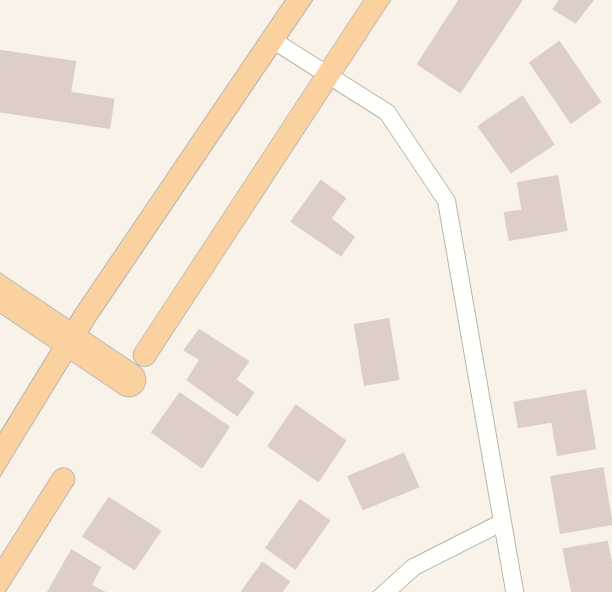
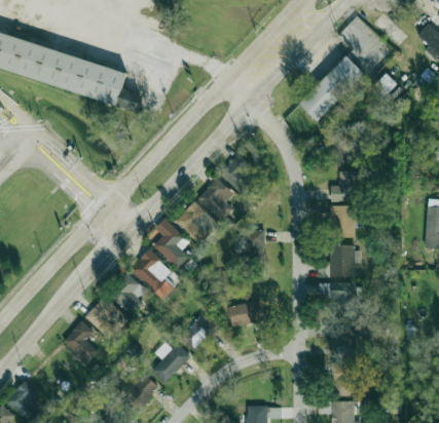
building: [528,40,602,125] -> none
building: none -> [198,179,233,222]
building: none -> [330,206,354,238]
building: none -> [319,246,354,278]
building: [266,403,348,484] -> [176,202,218,245]
building: none -> [108,274,145,318]

